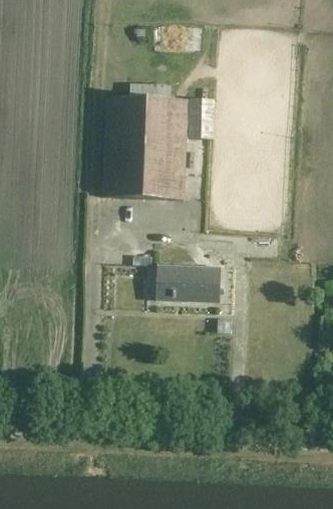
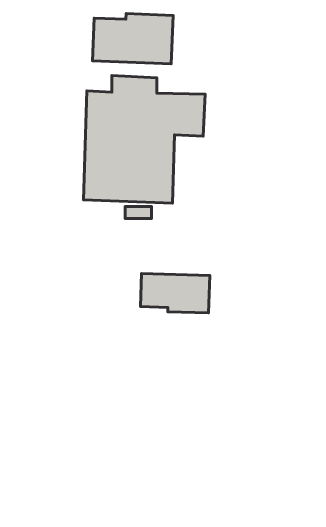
building: none -> [93,13,173,64]

